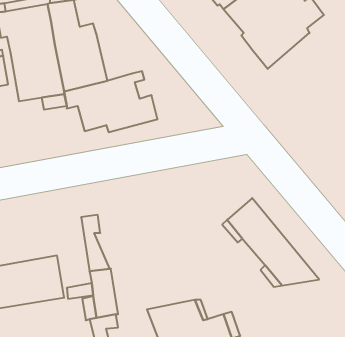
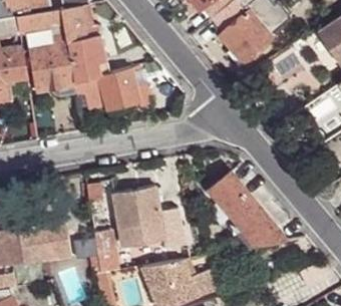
building: none -> [114,188,186,250]

